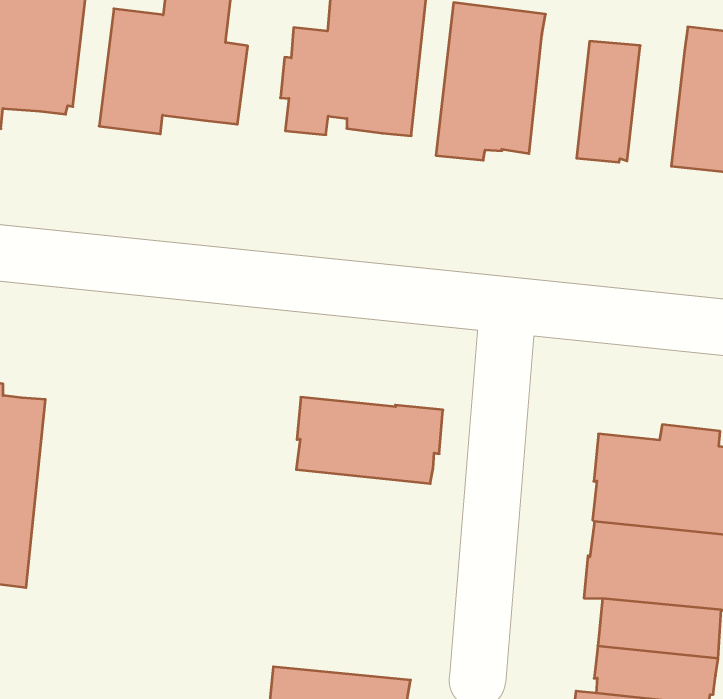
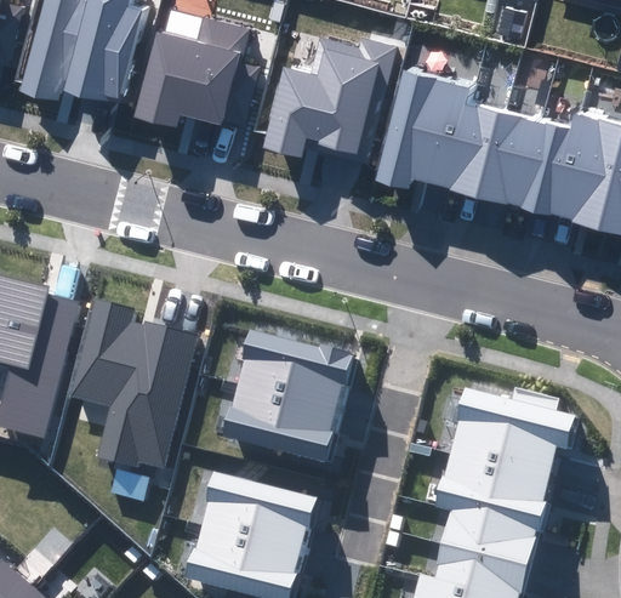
building: none -> [445,95,501,188]
building: none -> [515,113,569,204]
building: none -> [61,303,188,473]
building: none -> [227,385,338,462]
building: none -> [205,473,319,549]

